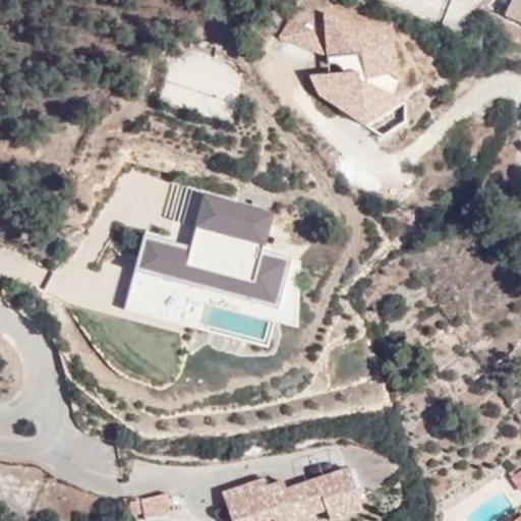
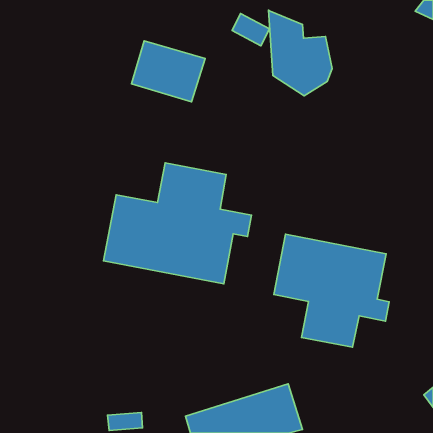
building: none -> [274,234,389,347]

